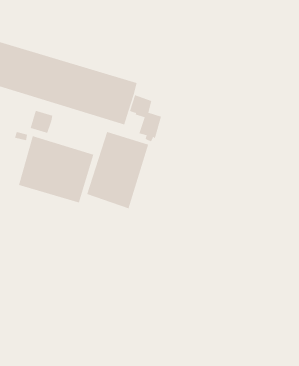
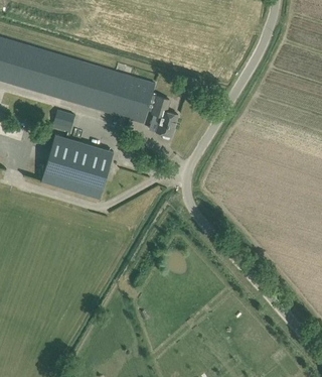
building: [86,131,149,209] -> none

